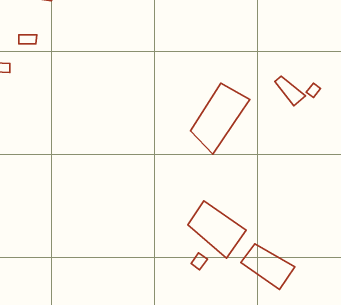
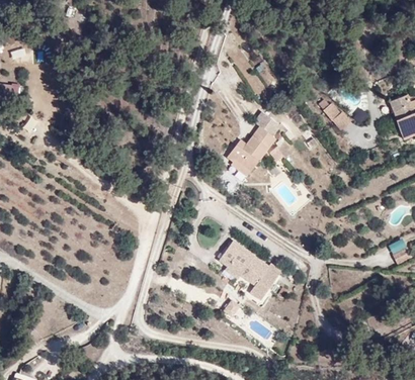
building: [241,244,295,289] -> none

